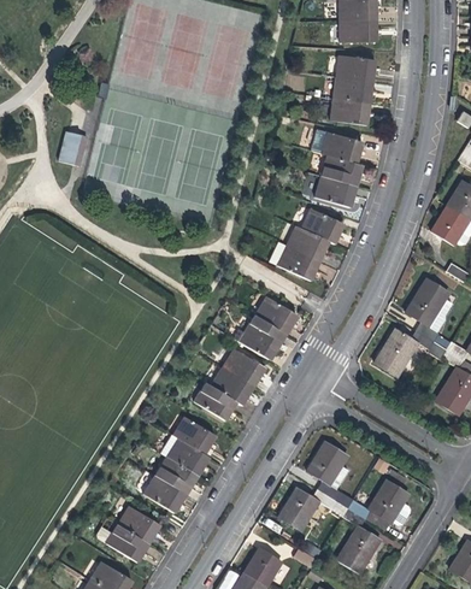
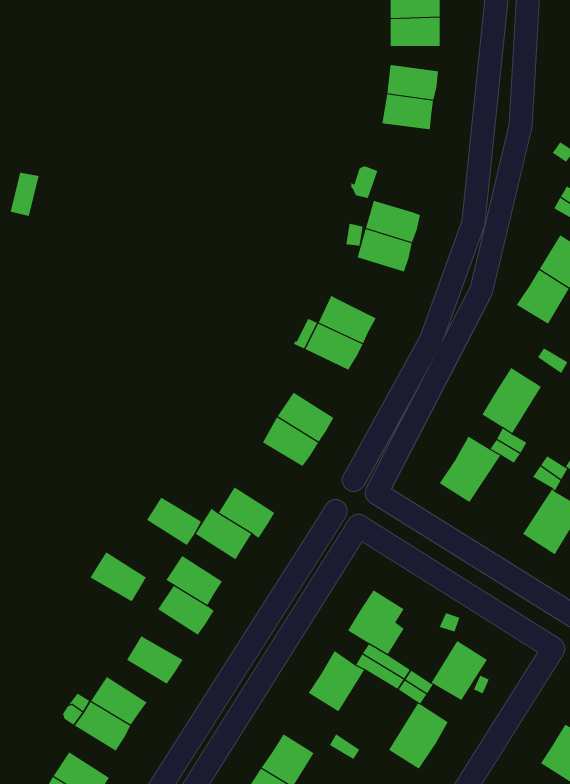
building: [329,98,367,124] -> none
building: [322,132,360,163] -> none
building: [299,207,342,243] -> none
building: [223,348,264,384] -> [146,497,202,546]
building: [154,455,196,493] -> [89,551,147,602]

